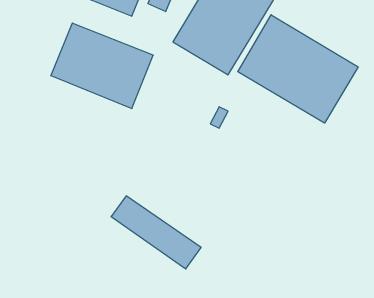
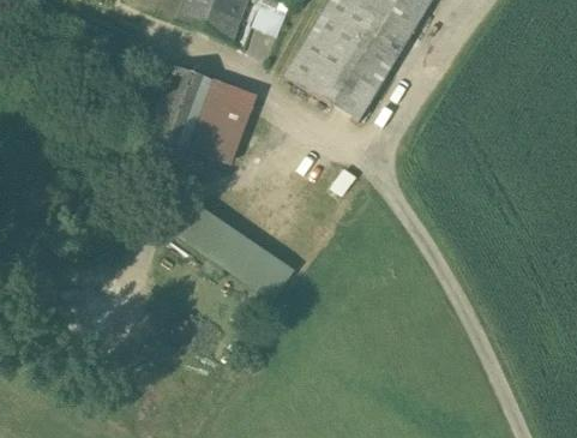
building: [238,15,358,123] -> none
building: [111,196,201,269] -> [170,204,291,302]

